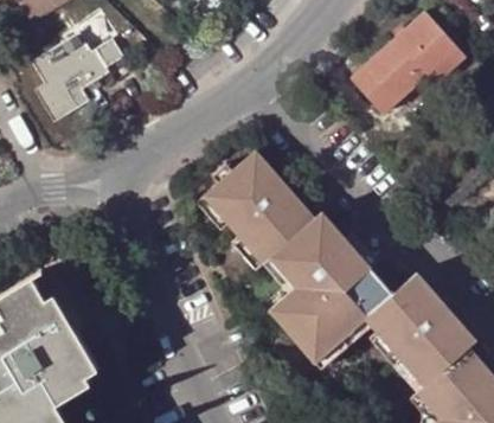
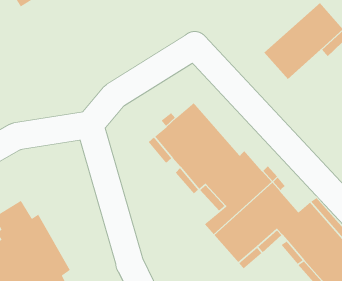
building: [31,34,122,122] -> none

